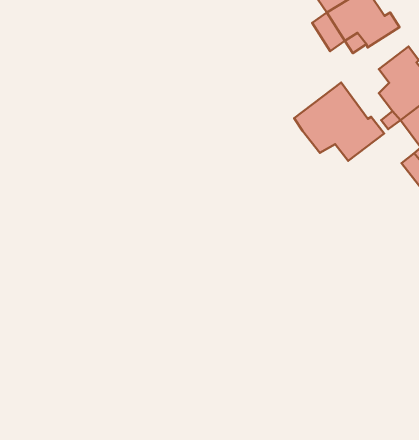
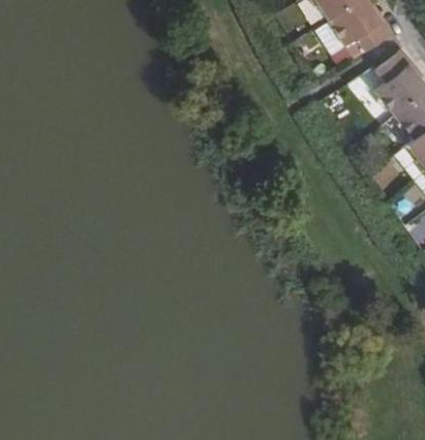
building: [294,82,384,161] -> none

